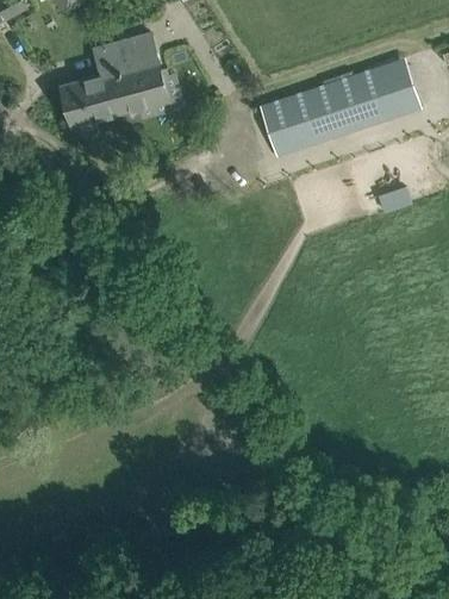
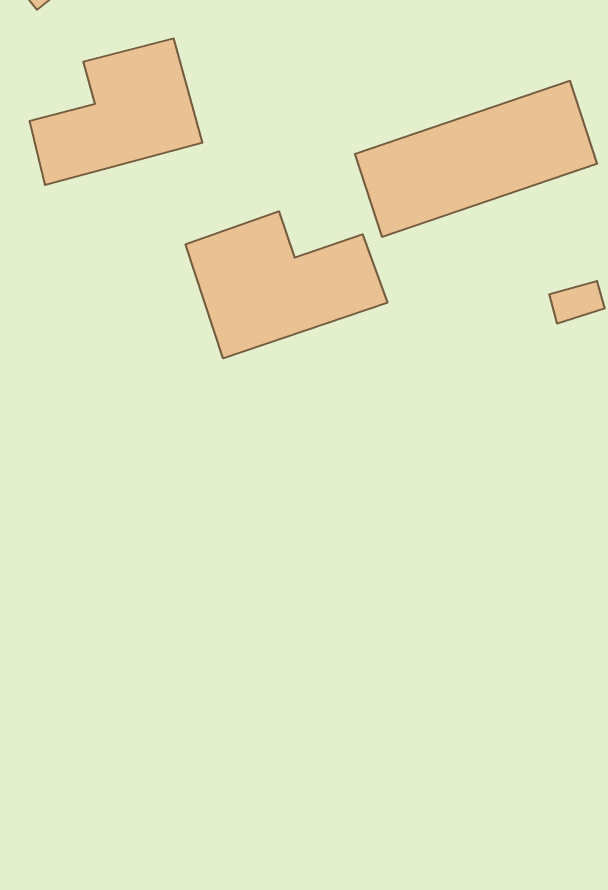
building: none -> [186,211,387,358]

